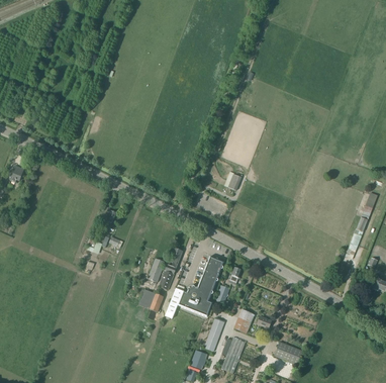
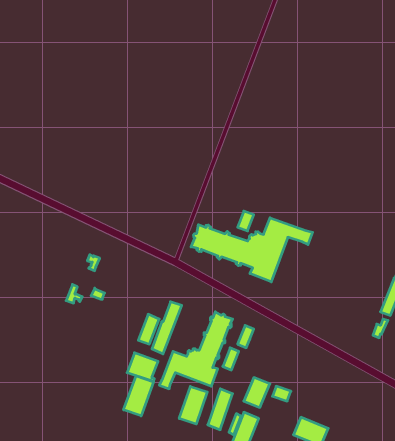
building: none -> [191,218,313,282]
building: none -> [124,376,154,416]
building: none -> [179,386,207,424]

